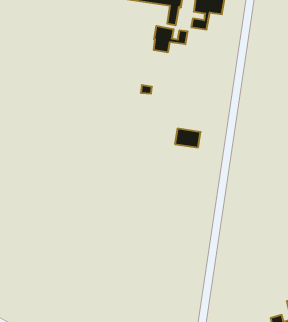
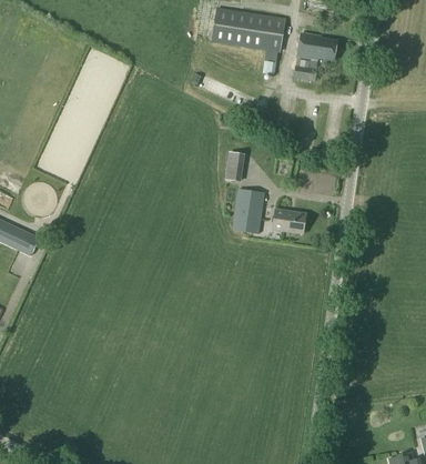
building: [154,26,187,52] -> none
building: none -> [232,188,265,232]

